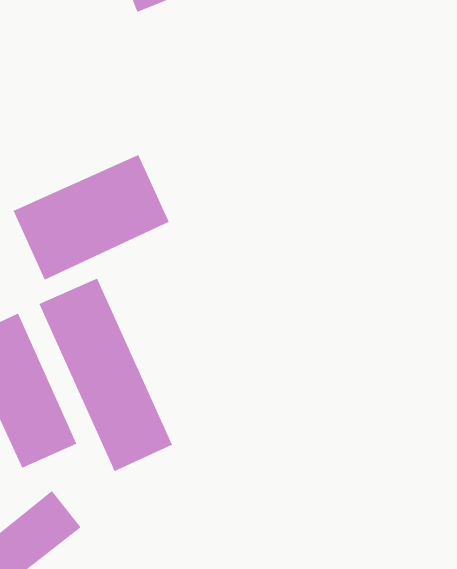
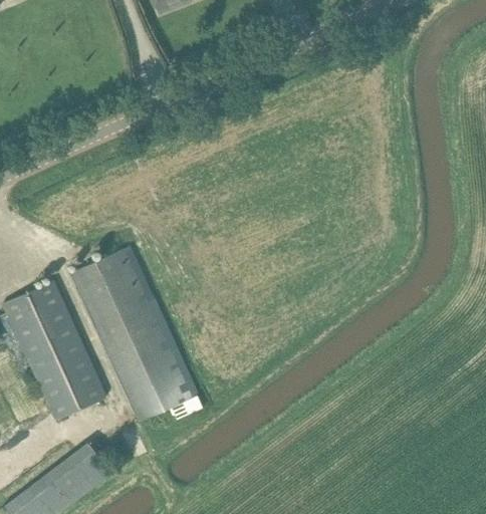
building: [13,154,170,280] -> none

